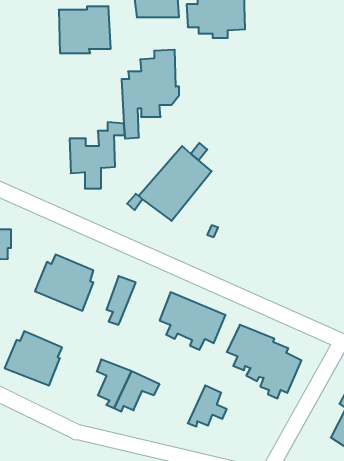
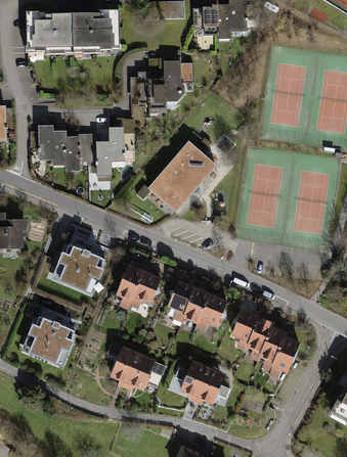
building: none -> [26,10,73,53]
building: none -> [37,125,81,172]
building: none -> [130,270,162,309]
building: none -> [175,361,210,403]

